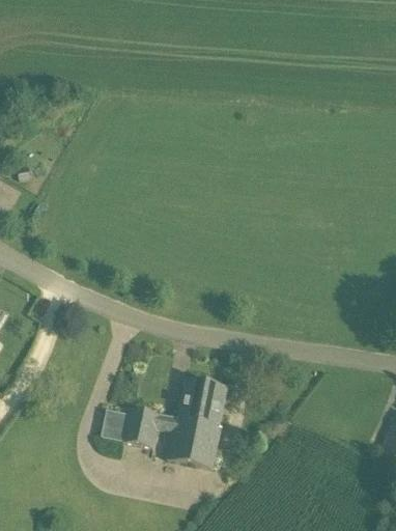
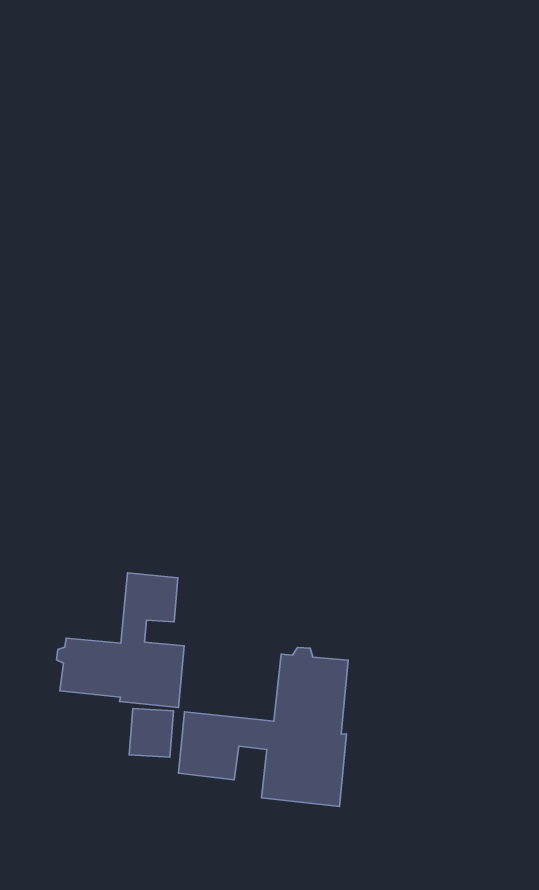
building: none -> [57,573,184,708]

